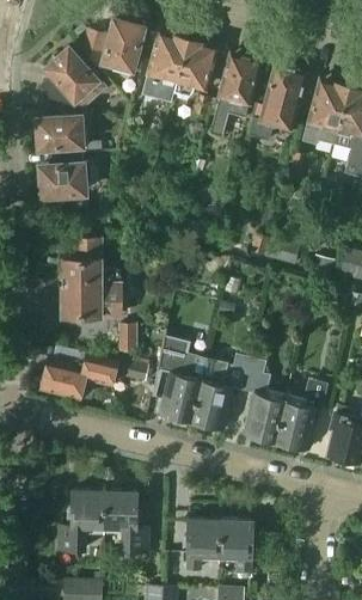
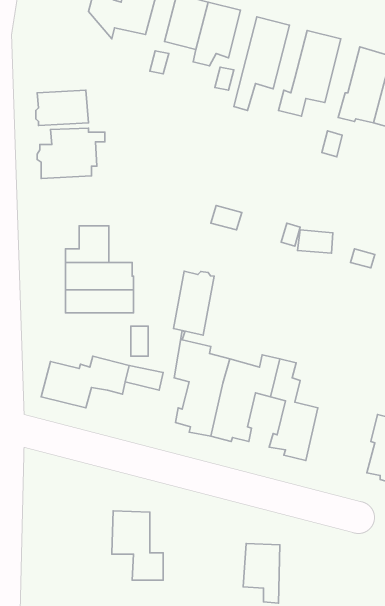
building: [47,49,96,99] -> none
building: none -> [173,271,214,335]
building: [274,384,325,449] -> none
building: [57,488,104,549] -> none
building: [186,515,221,568] -> none

